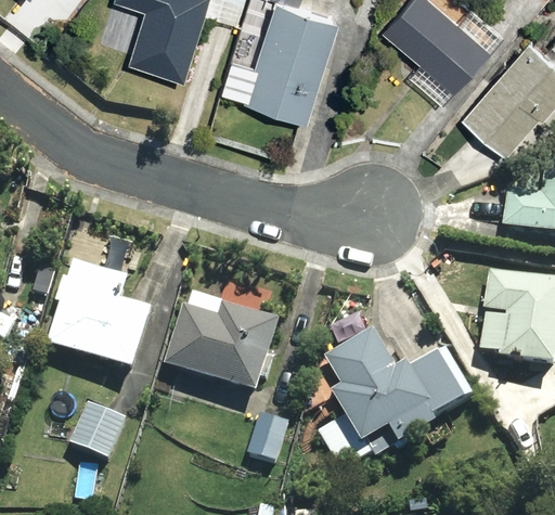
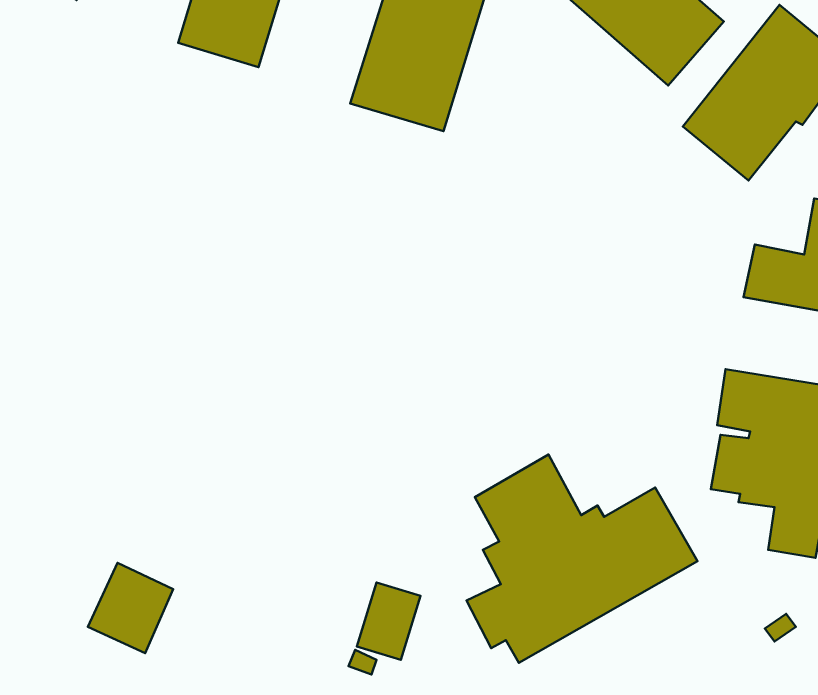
building: [48,258,152,370] -> none
building: [165,299,281,391] -> none

